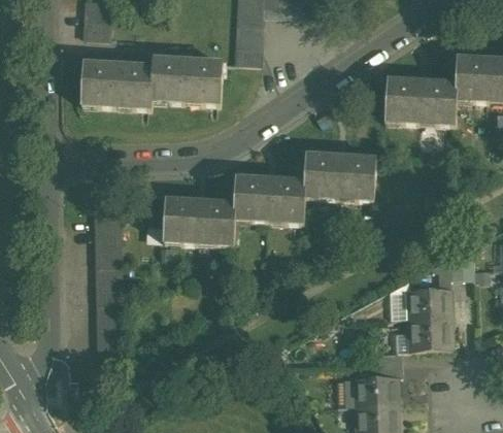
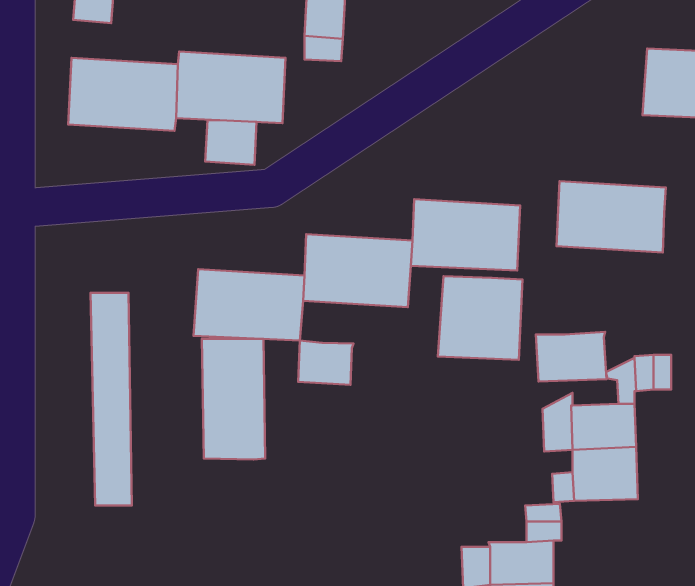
building: [384,78,456,125] -> [556,181,666,253]
building: none -> [205,120,257,165]
building: none -> [438,276,523,360]
building: none -> [536,332,606,381]
building: none -> [202,339,265,460]
building: none -> [298,340,353,385]

